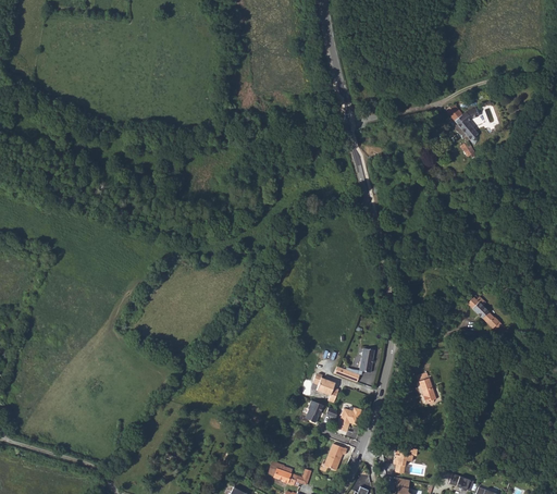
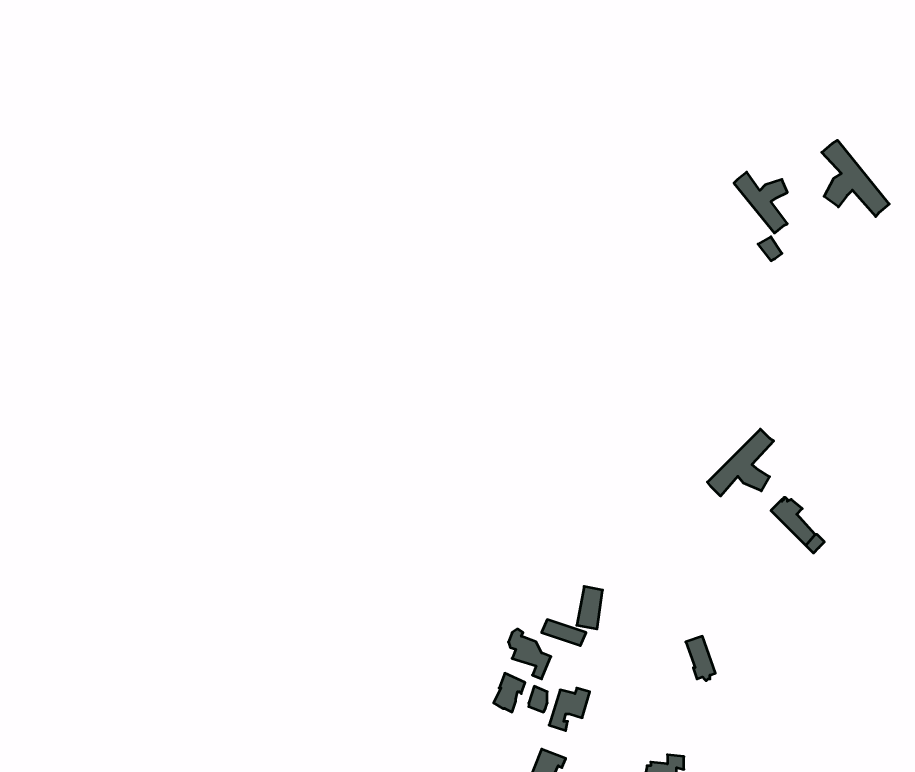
building: none -> [822,140,889,217]
building: none -> [707,429,774,496]

